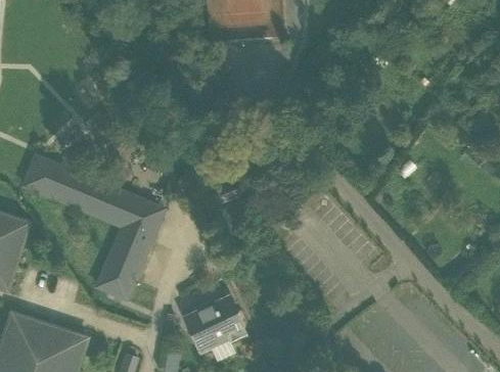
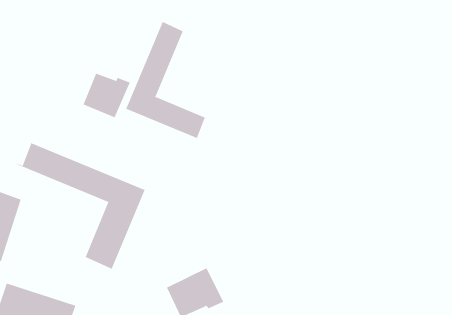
building: none -> [126,21,206,139]
building: none -> [83,73,130,118]

